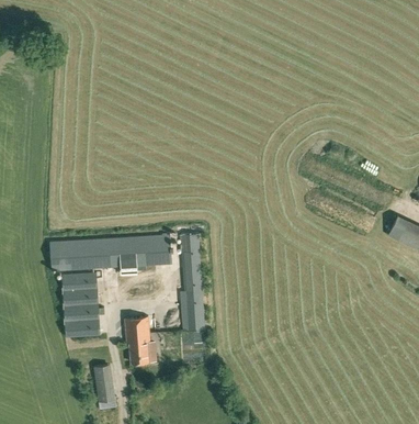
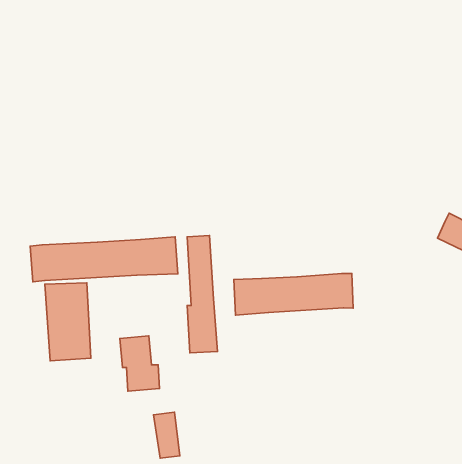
building: none -> [234,274,353,315]
building: [93,364,115,402] -> [154,412,180,458]

